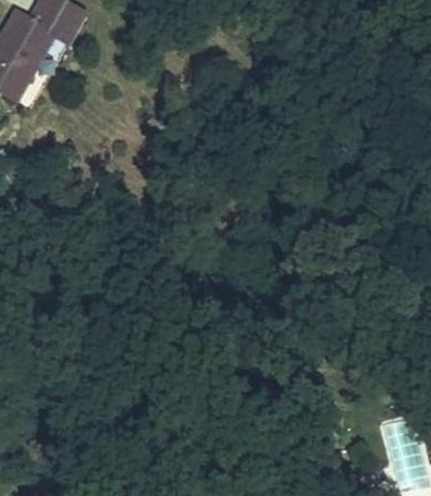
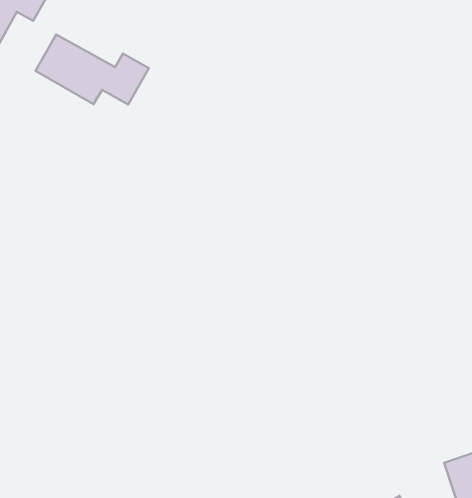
building: none -> [36,34,149,104]

